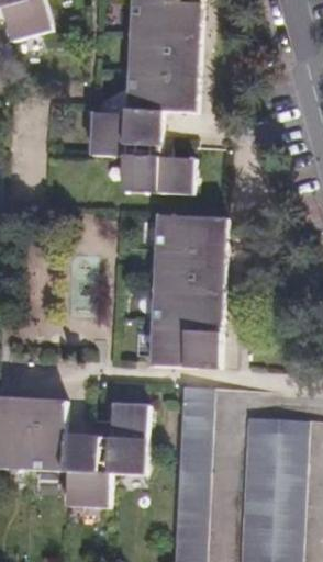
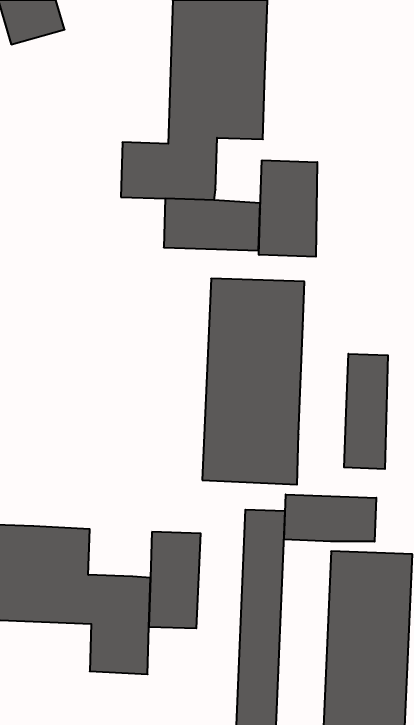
building: none -> [259,160,317,257]
building: none -> [344,354,388,469]
building: none -> [284,494,376,542]

